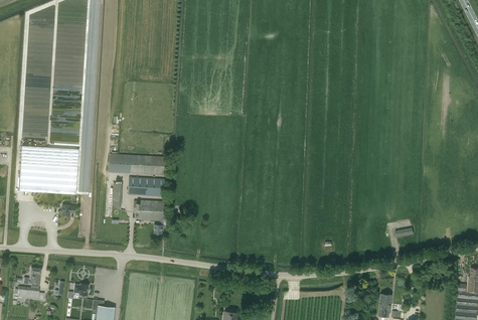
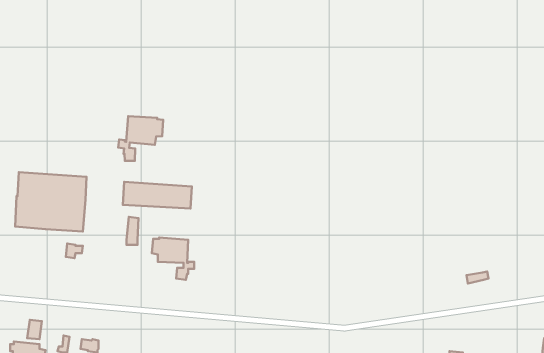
building: none -> [118,116,163,161]
building: [128,177,164,196] -> none

